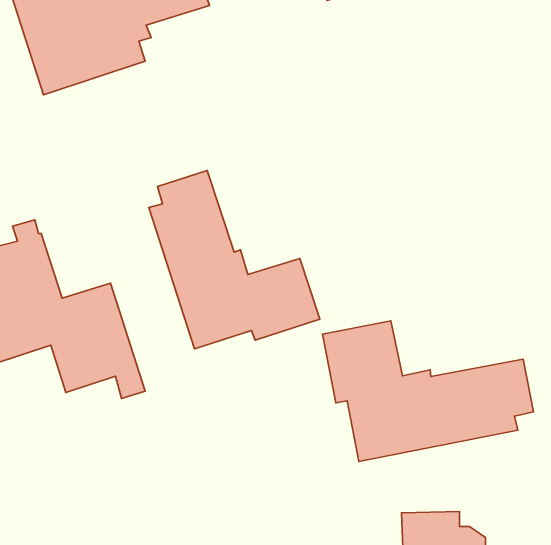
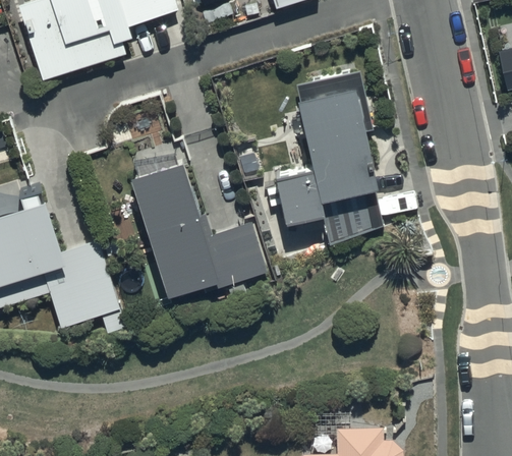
building: none -> [275,70,383,246]
building: [322,321,534,461] -> none

